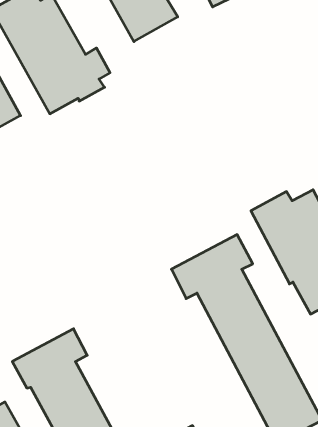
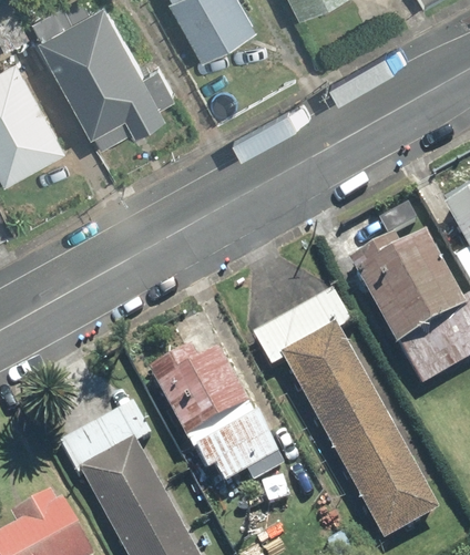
building: none -> [149,348,285,485]

